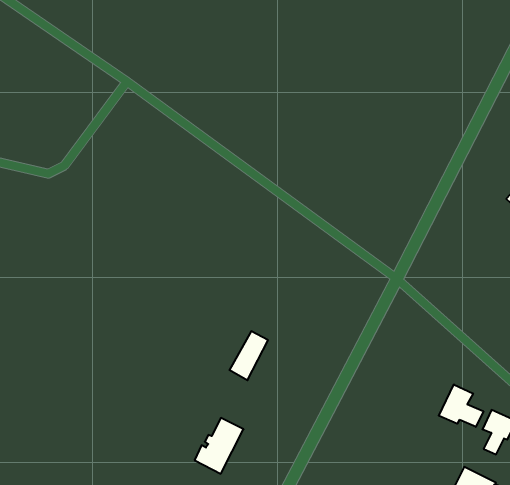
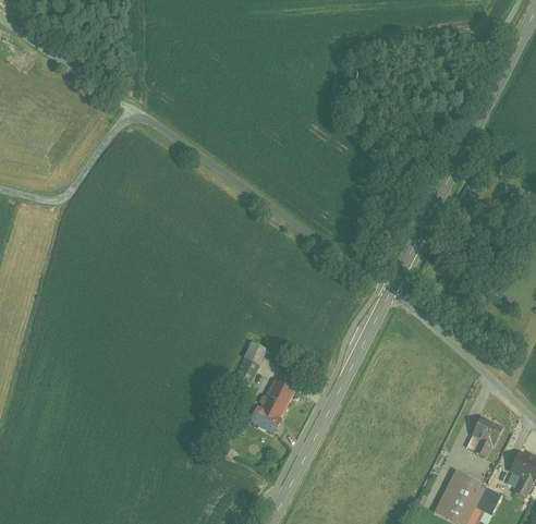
building: [439,384,483,427] -> none
building: [195,418,244,474] -> [247,379,294,432]

